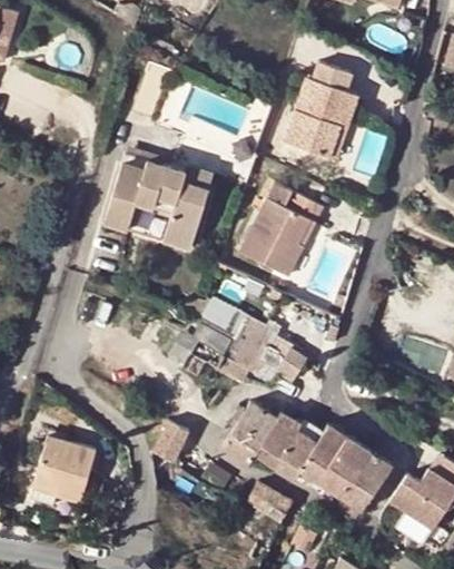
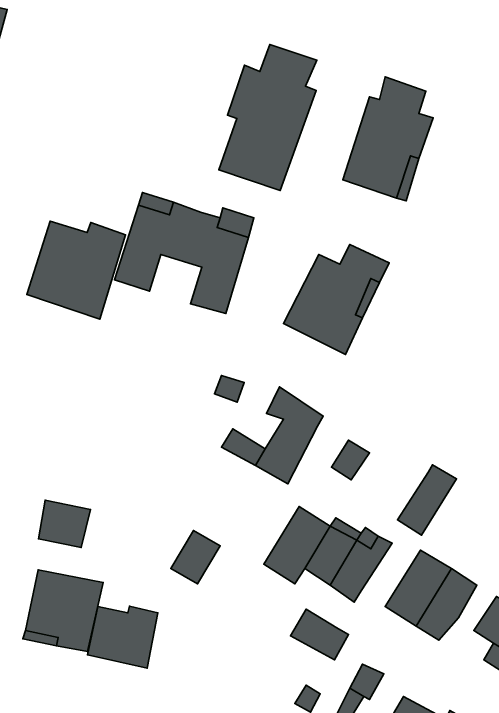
building: none -> [219,44,317,191]
building: none -> [27,221,126,319]
building: none -> [38,500,91,547]
building: [299,424,346,480] -> [397,465,457,535]
building: none -> [88,606,158,668]

